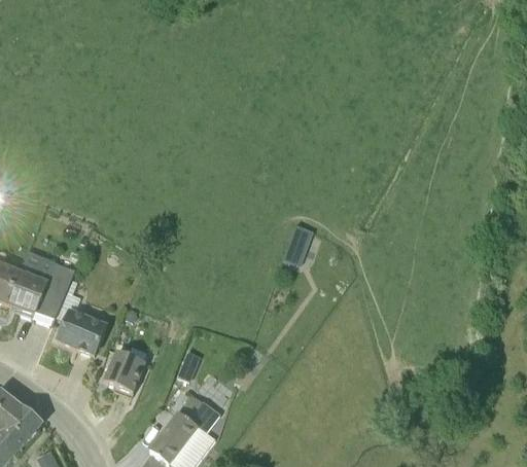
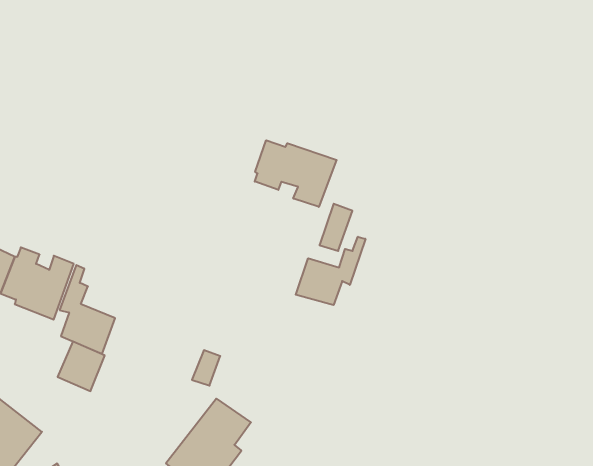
building: none -> [255,140,337,207]
building: none -> [296,237,365,305]
building: [104,349,145,392] -> [58,341,105,391]

